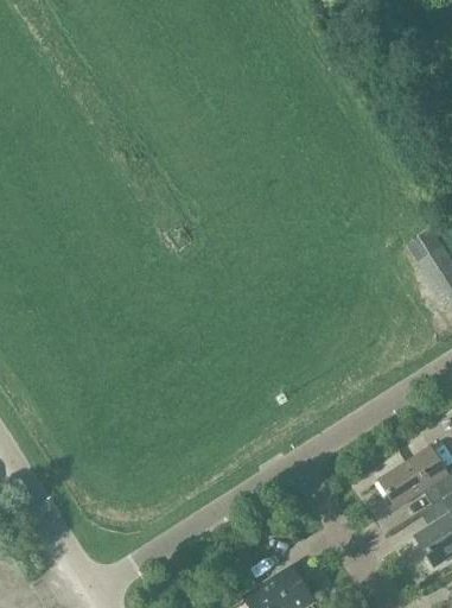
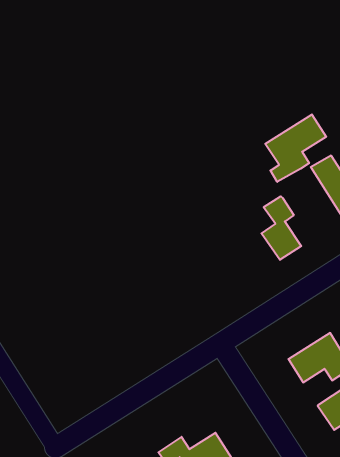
building: none -> [265,114,326,182]
building: none -> [261,196,301,260]

